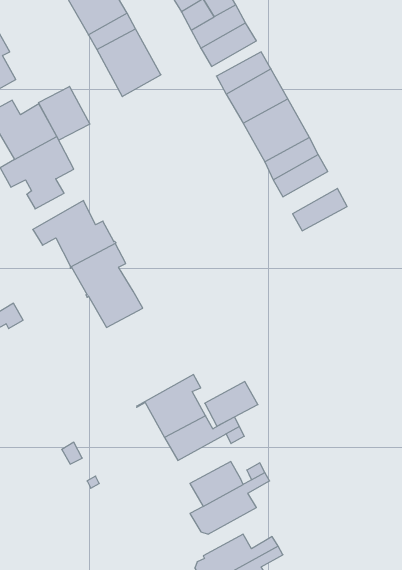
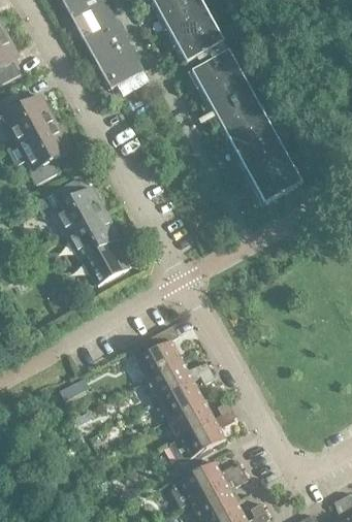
building: [39,86,90,140] -> none
building: none -> [249,153,295,189]
building: [205,382,258,426] -> [159,381,204,419]

